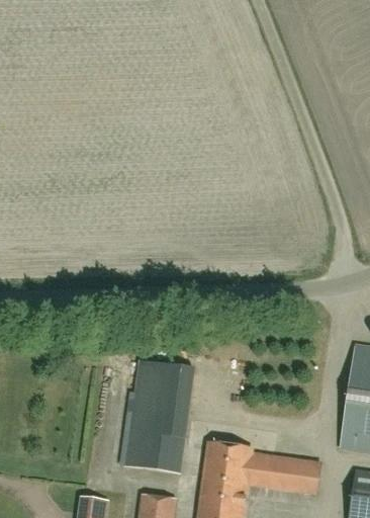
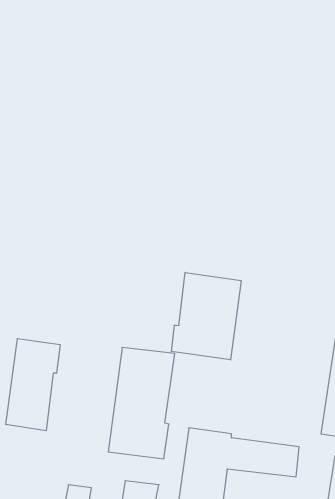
building: none -> [171,272,241,360]
building: none -> [6,338,60,431]

